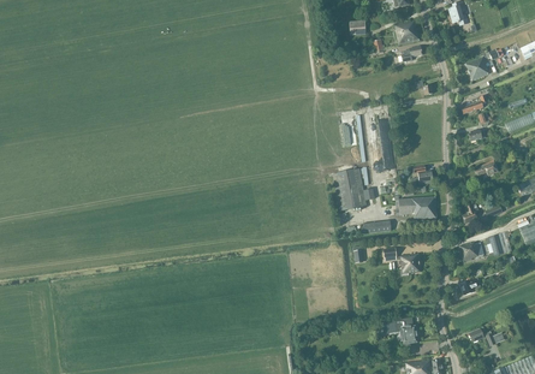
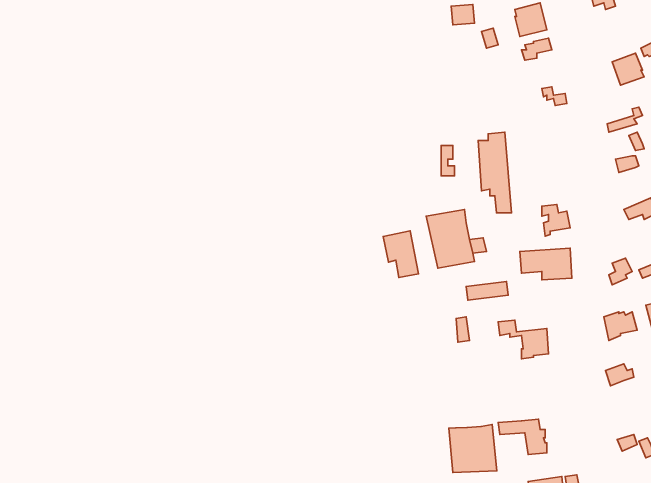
building: none -> [383,231,419,278]
building: none -> [449,425,497,472]

